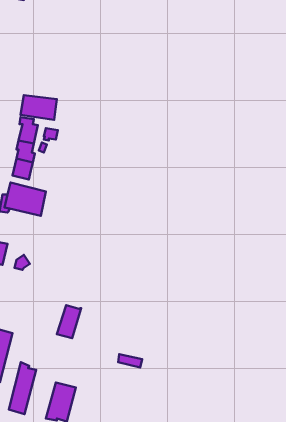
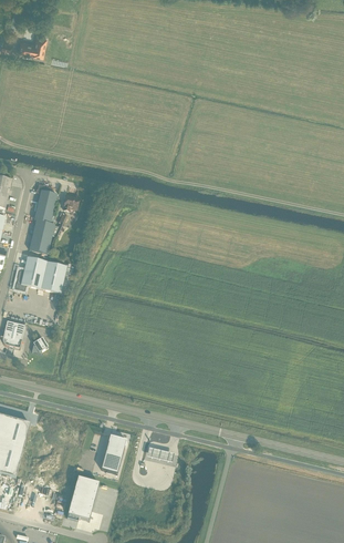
building: [20,95,57,120] -> none
building: [57,305,81,338] -> [100,436,126,472]
building: [9,362,36,414] -> none

